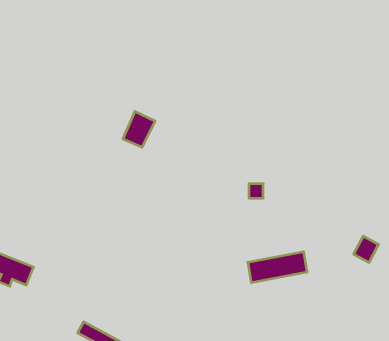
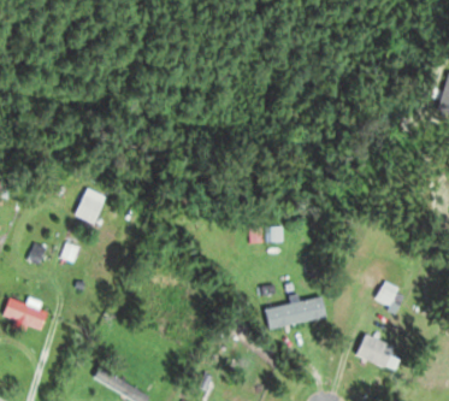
building: [123,111,155,147] -> [75,188,107,224]
building: none -> [356,336,397,366]

